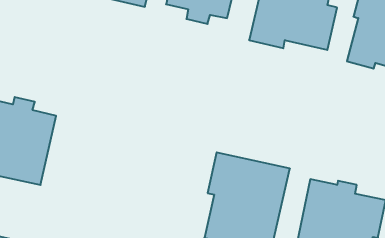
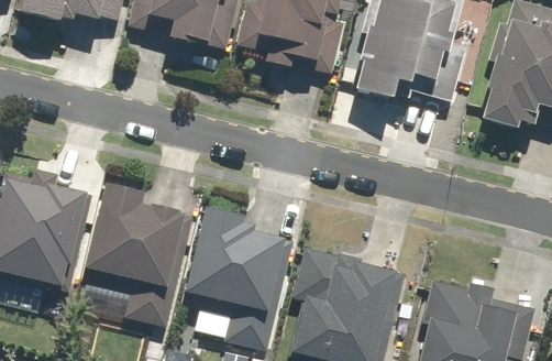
building: none -> [88,186,187,330]
building: none -> [187,208,287,352]

